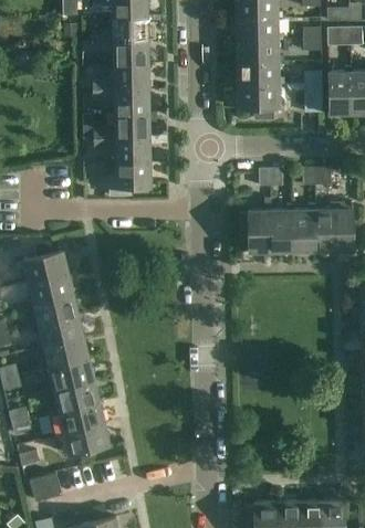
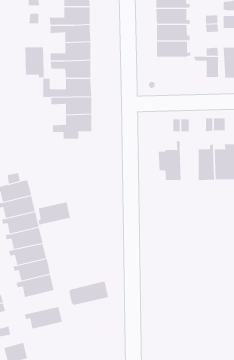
building: none -> [25,46,44,78]
building: [237,84,284,118] -> none
building: [270,203,293,252] -> none
building: none -> [38,201,71,225]
building: [49,401,104,435] -> [69,281,109,306]

